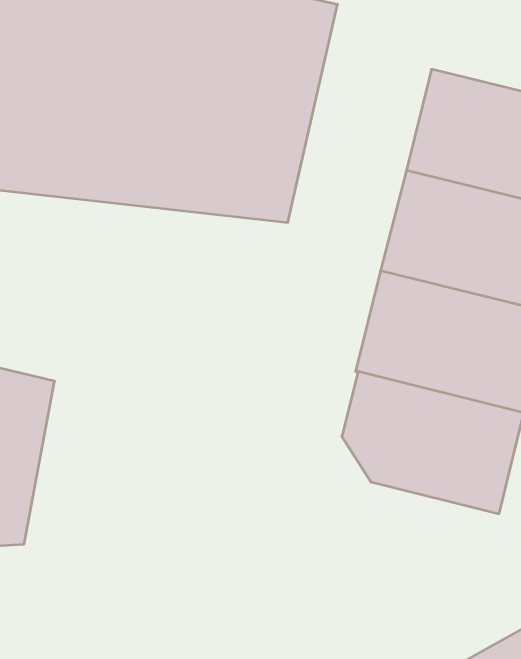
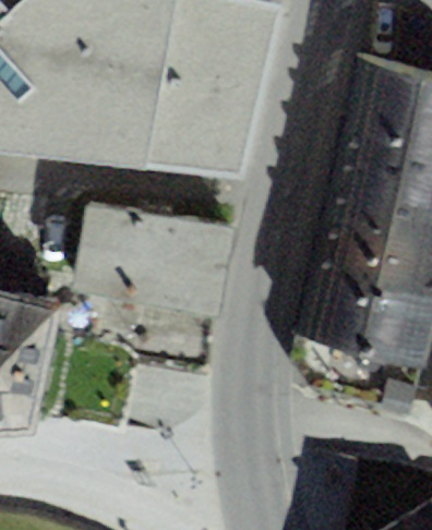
building: none -> [72,202,231,312]

